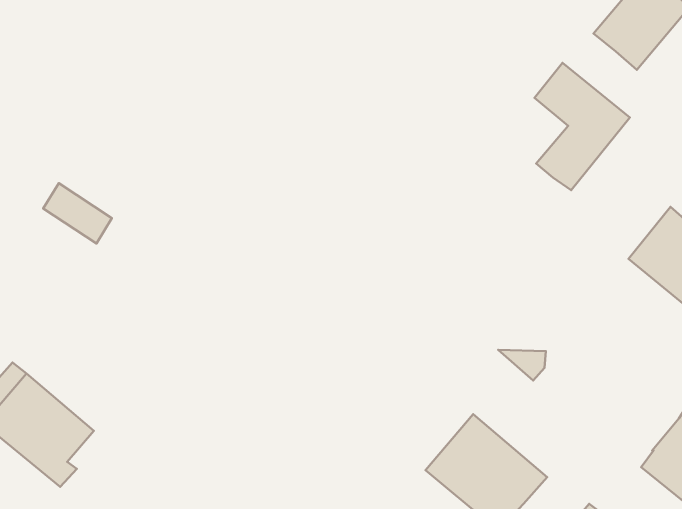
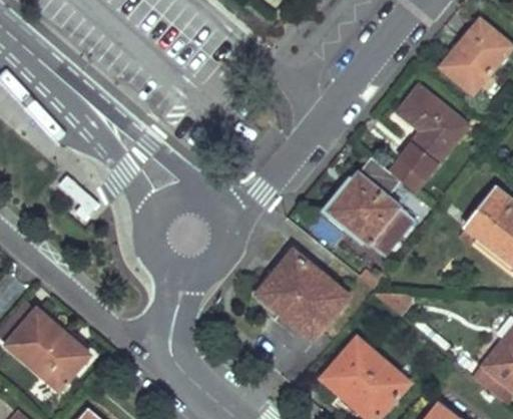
building: none -> [328,157,416,257]
building: none -> [260,250,350,338]

